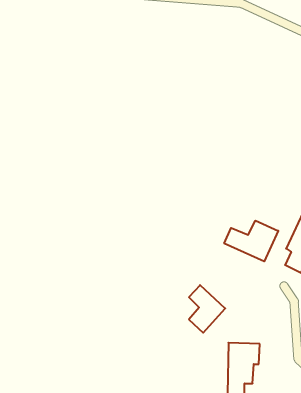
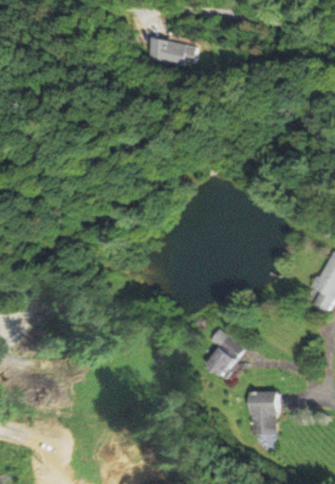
building: none -> [145,37,206,69]
building: [224,221,278,261] -> none

